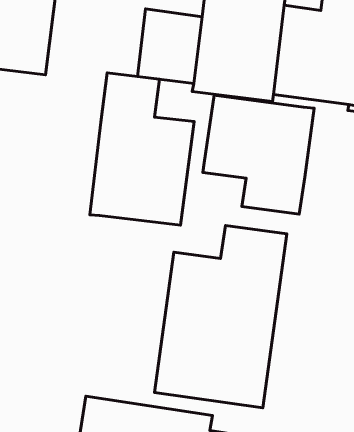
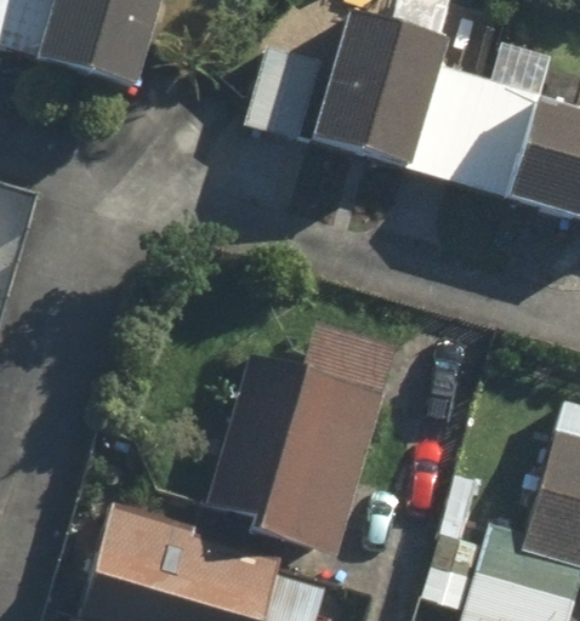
building: [90,73,194,225] -> none
building: [203,95,314,214] -> none

